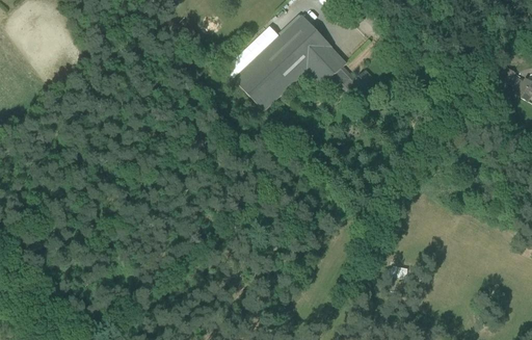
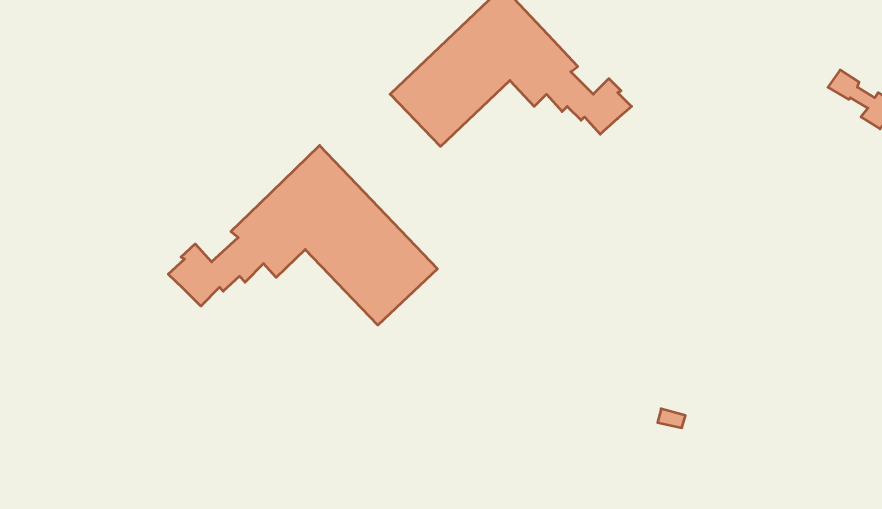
building: none -> [168,145,437,325]

